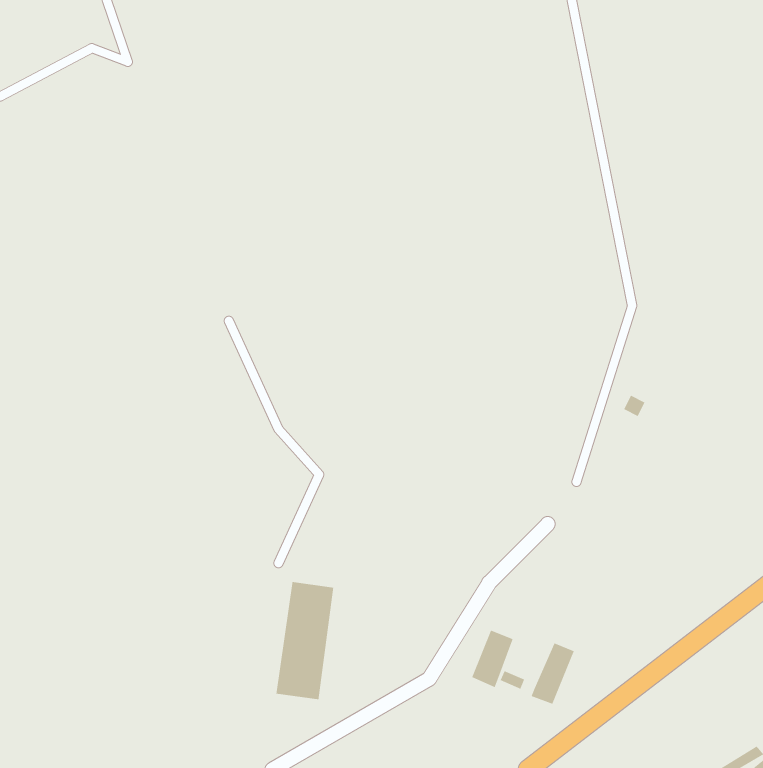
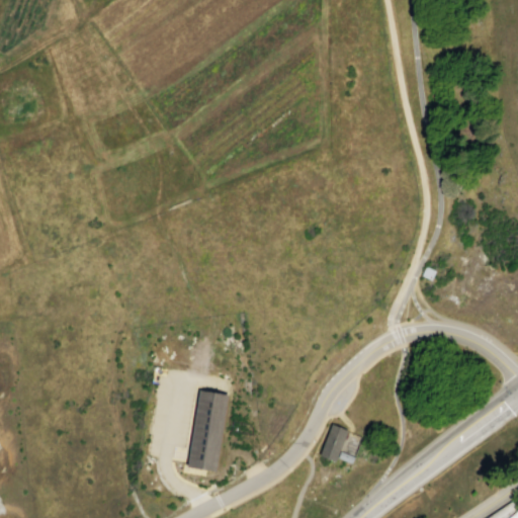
building: [531,642,575,705] -> none

